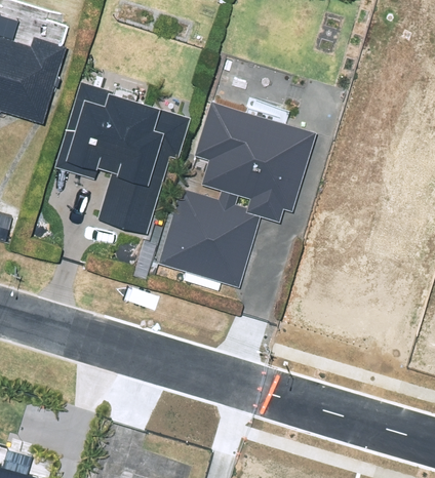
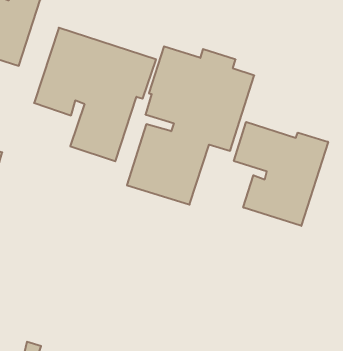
building: none -> [234,122,328,226]

